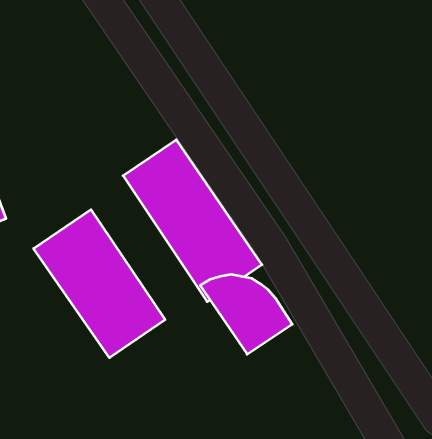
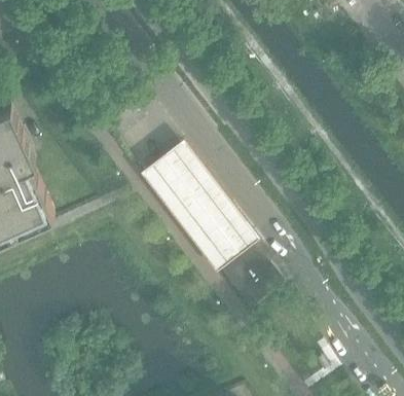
building: [34,210,165,358] -> none

